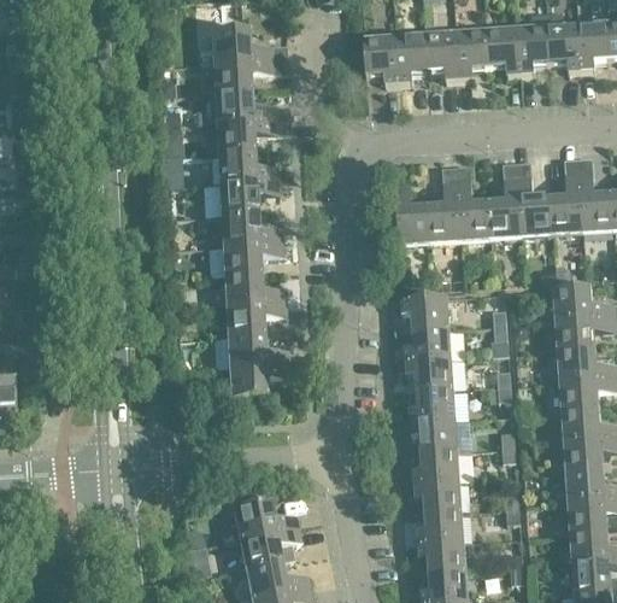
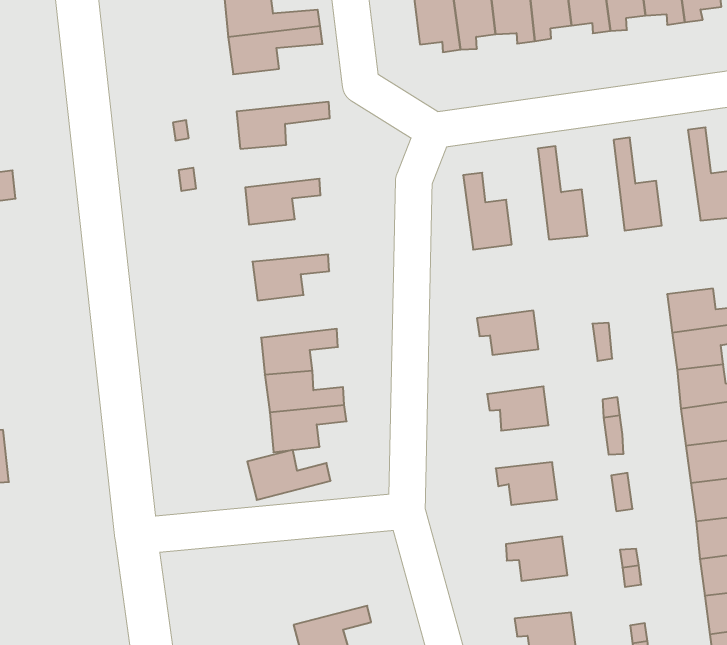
building: [213,88,289,121] -> none
building: [216,150,278,182] -> none
building: [550,156,583,232] -> none
building: [489,160,522,236] -> none
building: [428,164,460,240] -> none
building: [219,210,282,242] -> none
building: [223,271,286,304] -> none
building: [402,326,449,359] -> none
building: [406,387,453,420] -> none
building: [411,447,458,481] -> none
building: [231,498,298,537] -> [247,450,331,500]
building: [416,509,462,541] -> none

